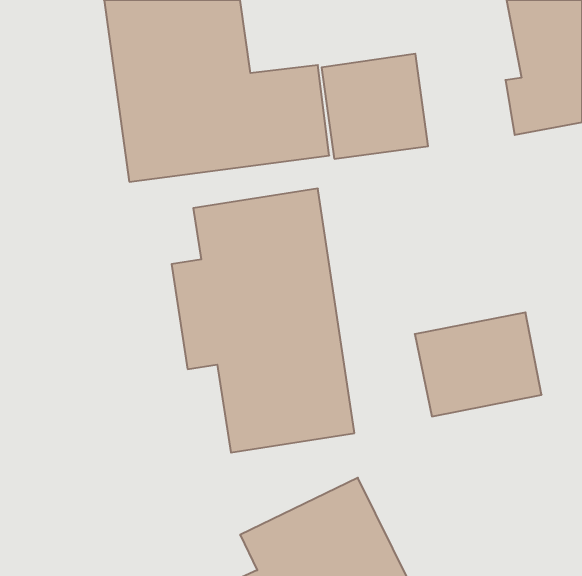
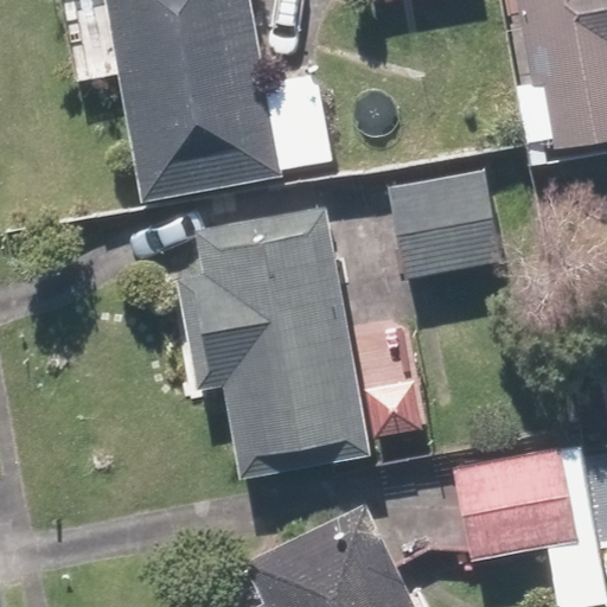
building: [322,54,428,159] -> [390,170,500,279]
building: [415,312,542,416] -> [454,448,586,556]

